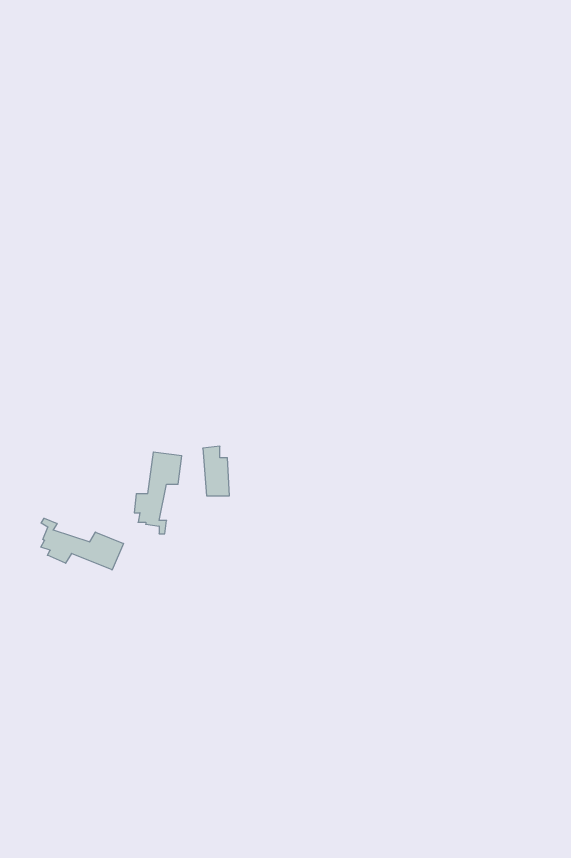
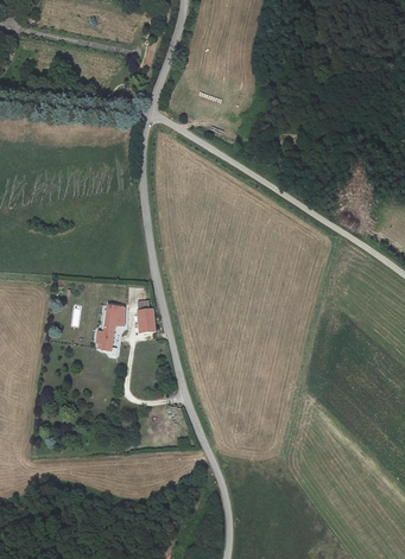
building: [41,518,123,570] -> none

